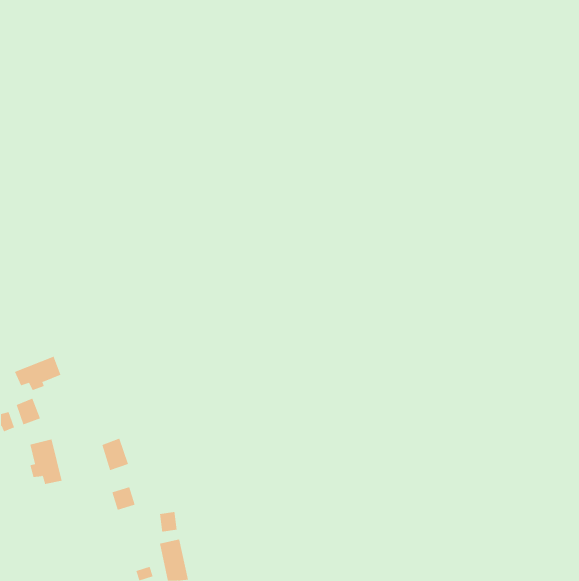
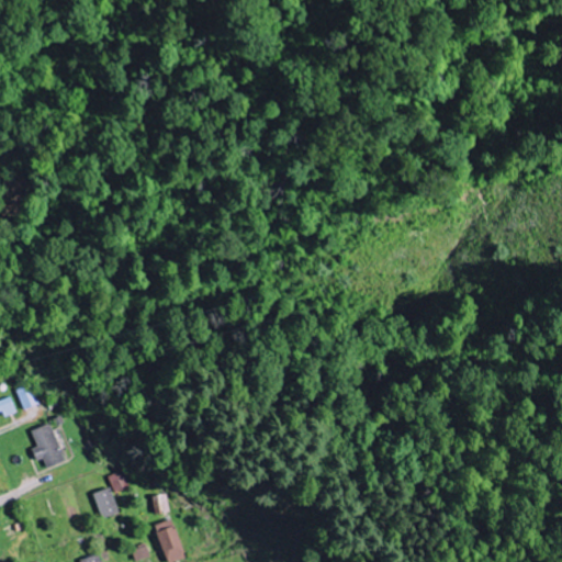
building: [14,356,61,391] -> none
building: [102,438,129,471] -> [93,487,120,519]

